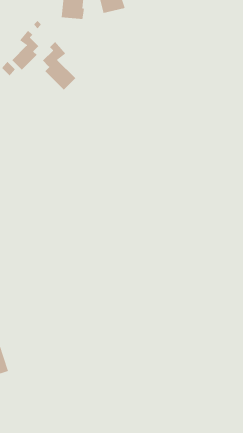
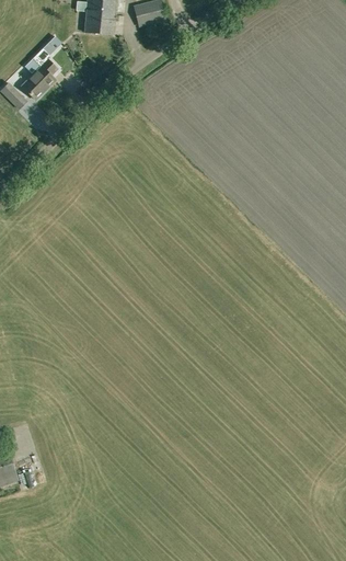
building: [42,41,76,91] -> none

